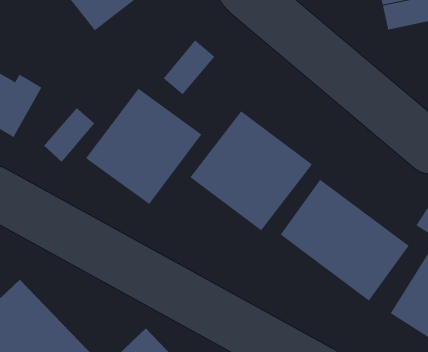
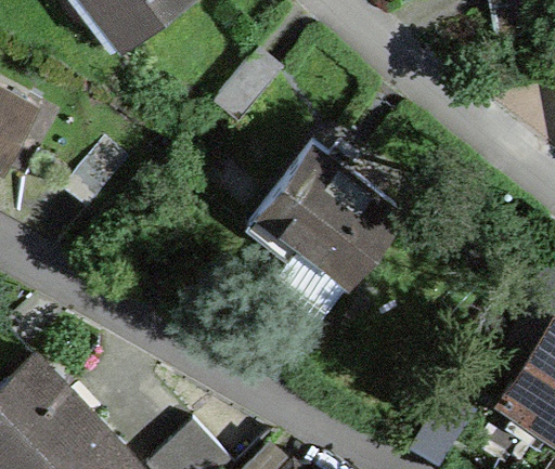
building: [85,88,202,205] -> none
building: [280,179,409,301] -> none

